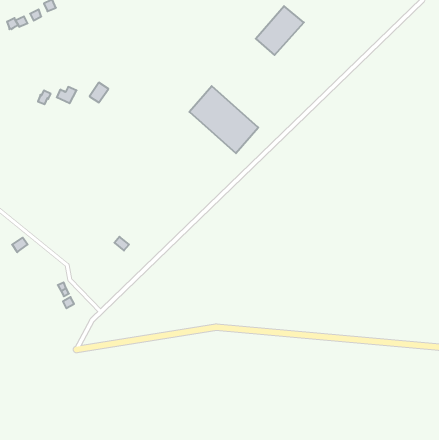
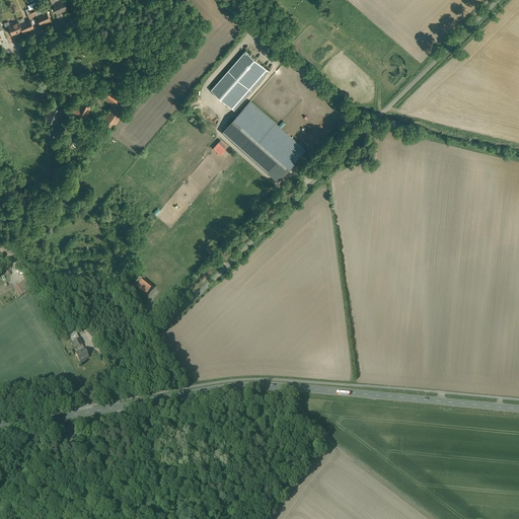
building: [256,6,304,55] -> [211,52,268,109]

